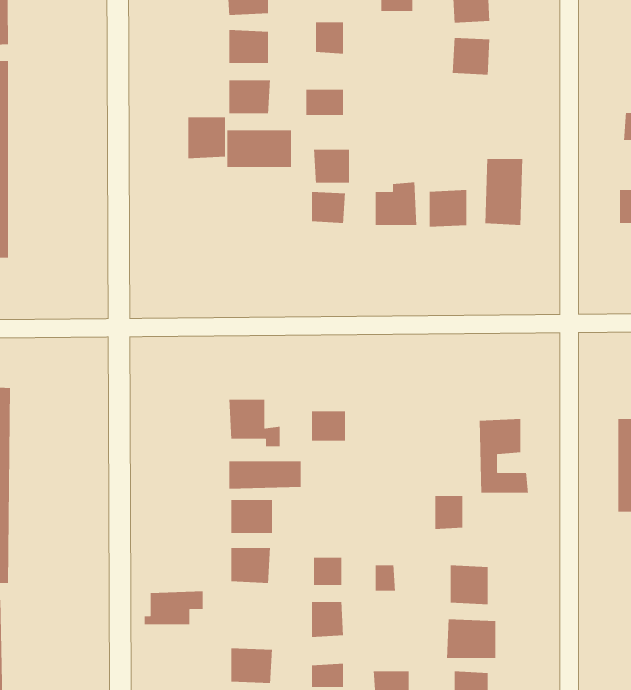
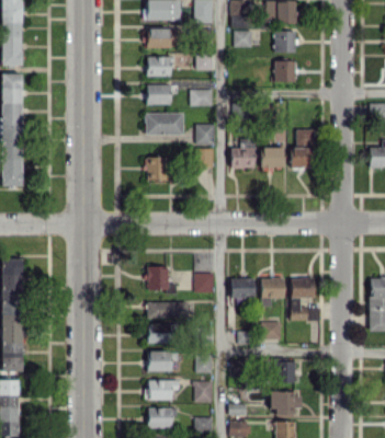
building: [187,117,226,159] -> [147,157,169,181]
building: none -> [260,277,284,309]
building: none -> [230,278,254,298]
building: [144,591,204,625] -> [145,379,179,399]

